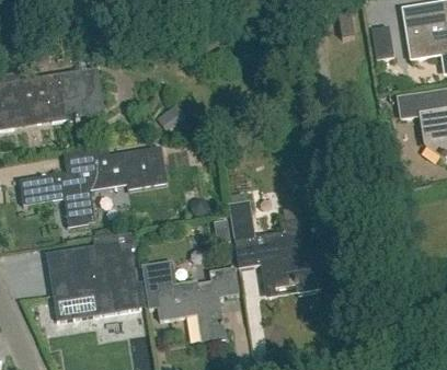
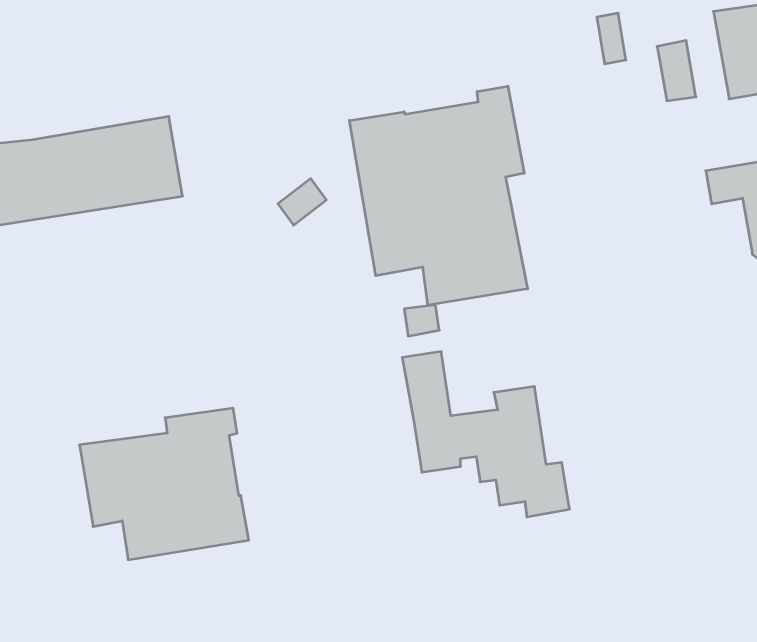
building: none -> [349,86,528,305]
building: [22,146,168,226] -> none
building: [142,259,239,339] -> none

